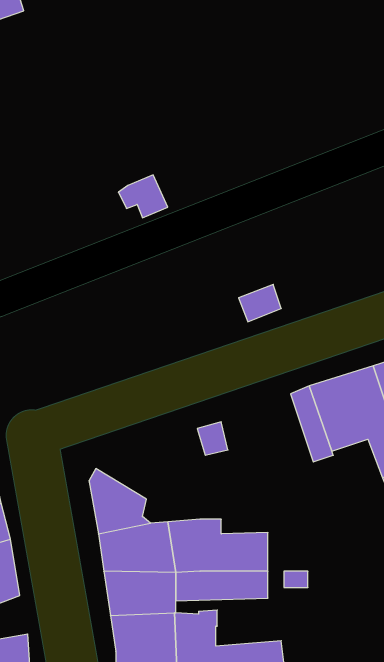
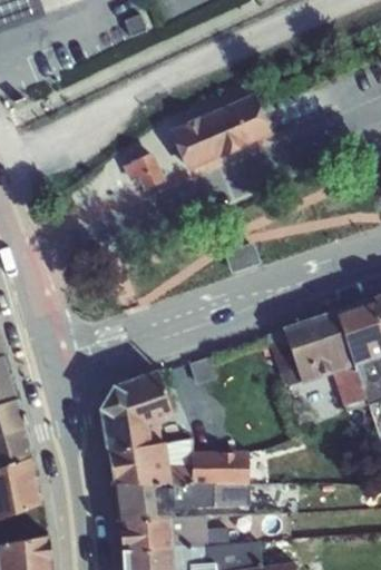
building: none -> [170,95,271,170]
building: none -> [105,370,173,423]

